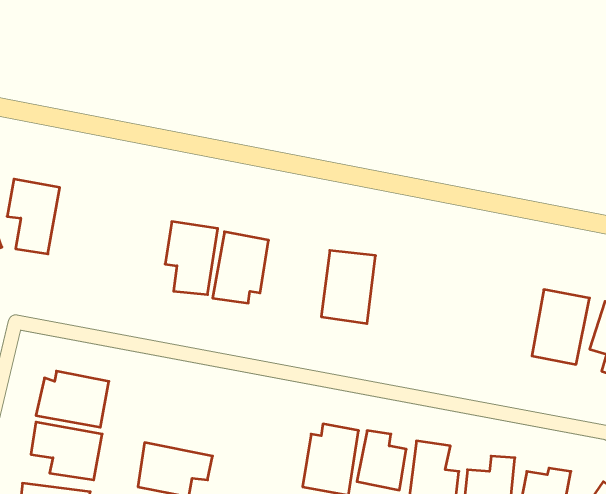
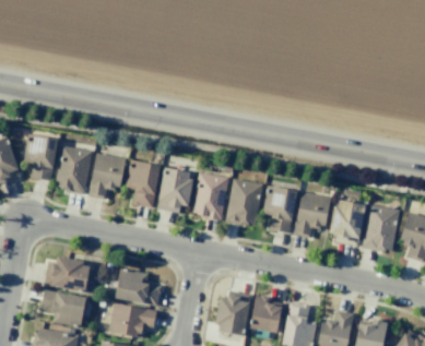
building: none -> [55,145,93,193]
building: none -> [90,153,126,199]
building: none -> [191,171,229,220]
building: none -> [263,187,296,232]
building: none -> [295,192,330,237]
building: none -> [332,201,365,246]
building: none -> [115,269,162,307]

